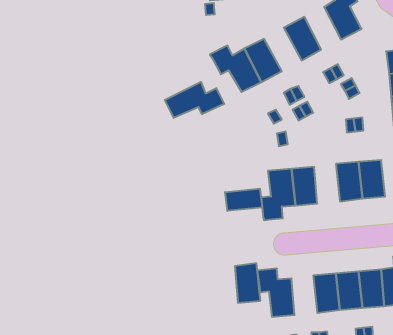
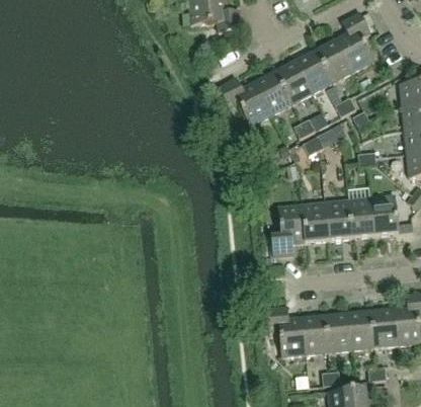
building: none -> [316,38,353,82]
building: none -> [274,60,313,104]
building: [165,82,224,118] -> none
building: none -> [326,199,352,240]
building: [225,189,262,211] -> none
building: [235,263,260,303] -> [303,314,329,354]

